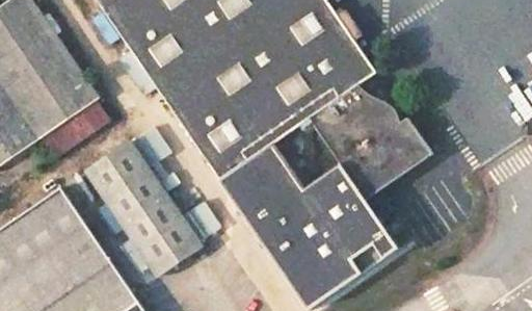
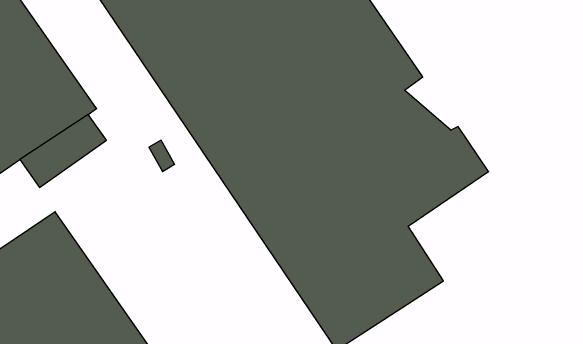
building: [91,145,204,278] -> none

